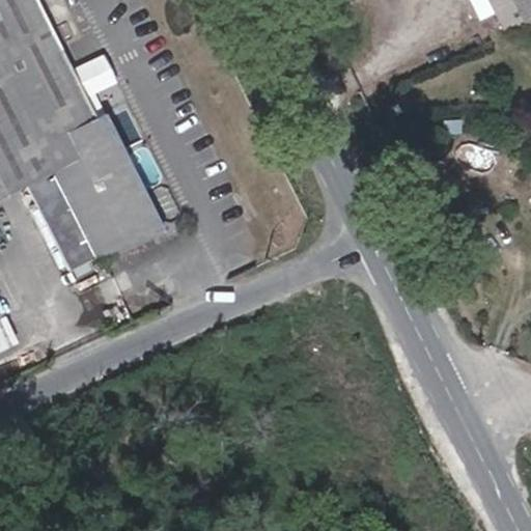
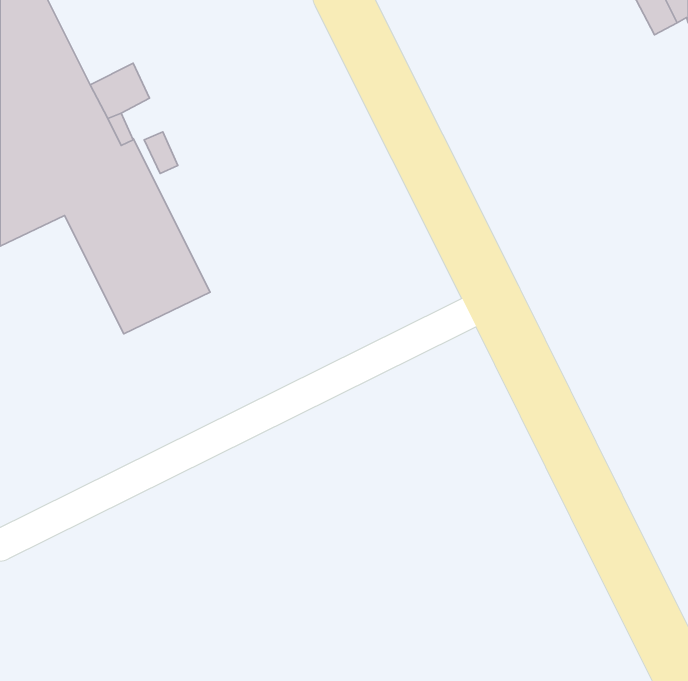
building: [24,166,92,264] -> none

